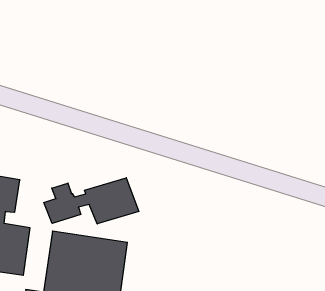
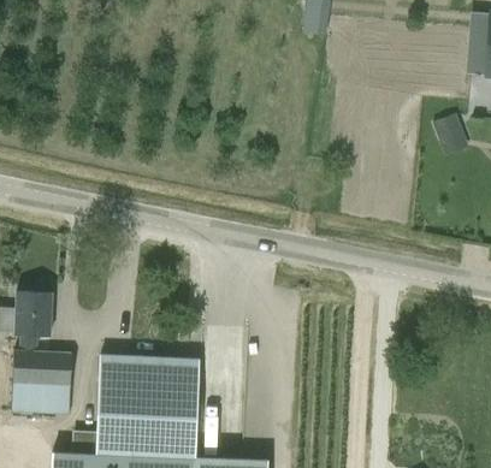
building: [44,178,139,224] -> none

